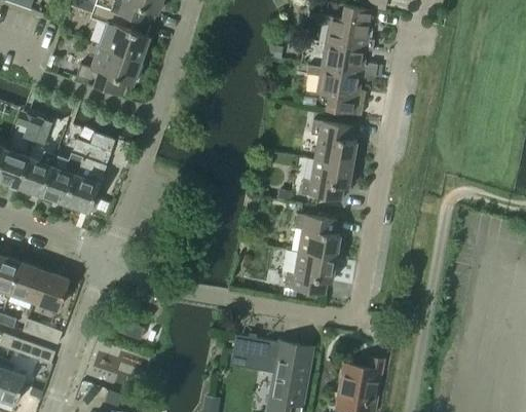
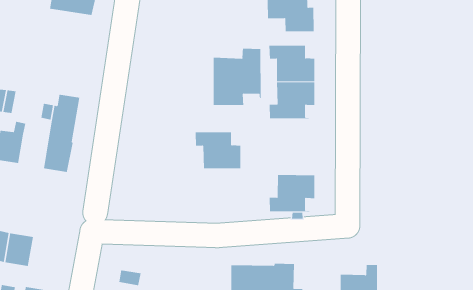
building: [74,45,141,96] -> none
building: none -> [213,48,261,106]
building: [41,166,75,204] -> none
building: [294,214,340,259] -> [195,132,241,169]
building: [33,271,68,309] -> none

